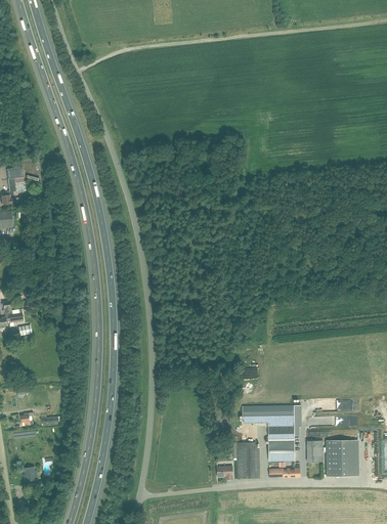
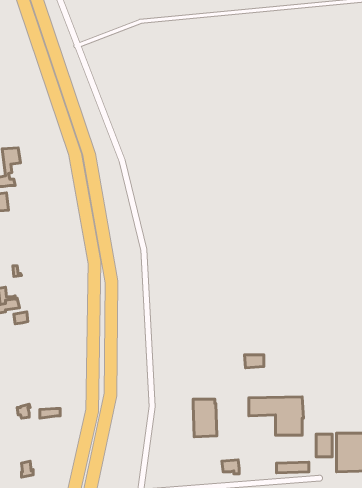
building: [267,441,294,461] -> none
building: [236,442,259,478] -> [193,399,217,437]

